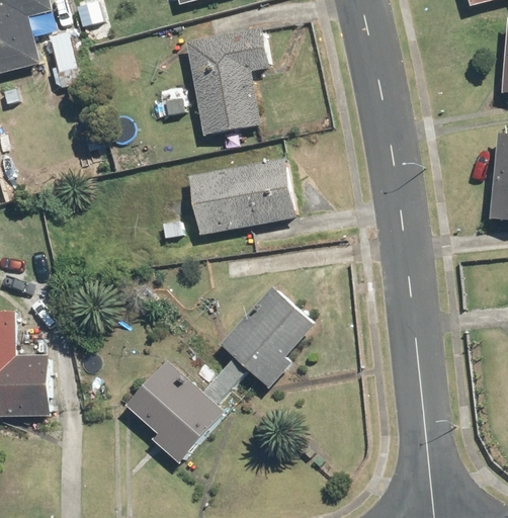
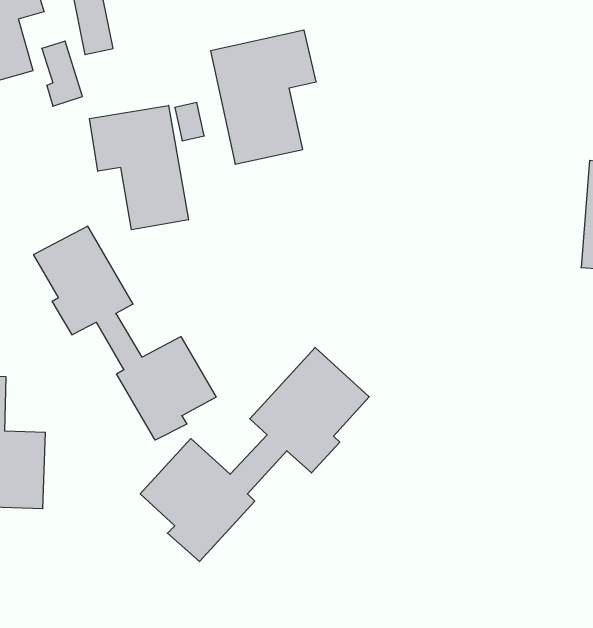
building: none -> [90,105,188,230]
building: [187,159,297,234] -> none
building: none -> [34,226,216,440]

